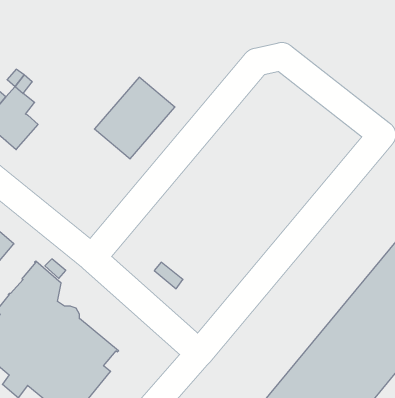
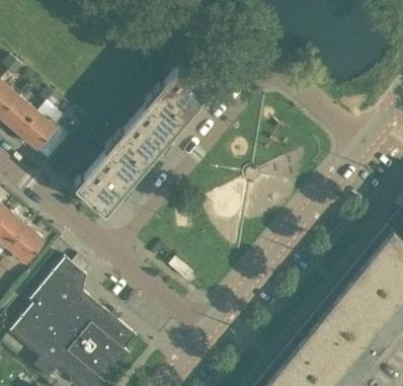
building: none -> [155,49,226,122]
building: none -> [76,141,147,214]

